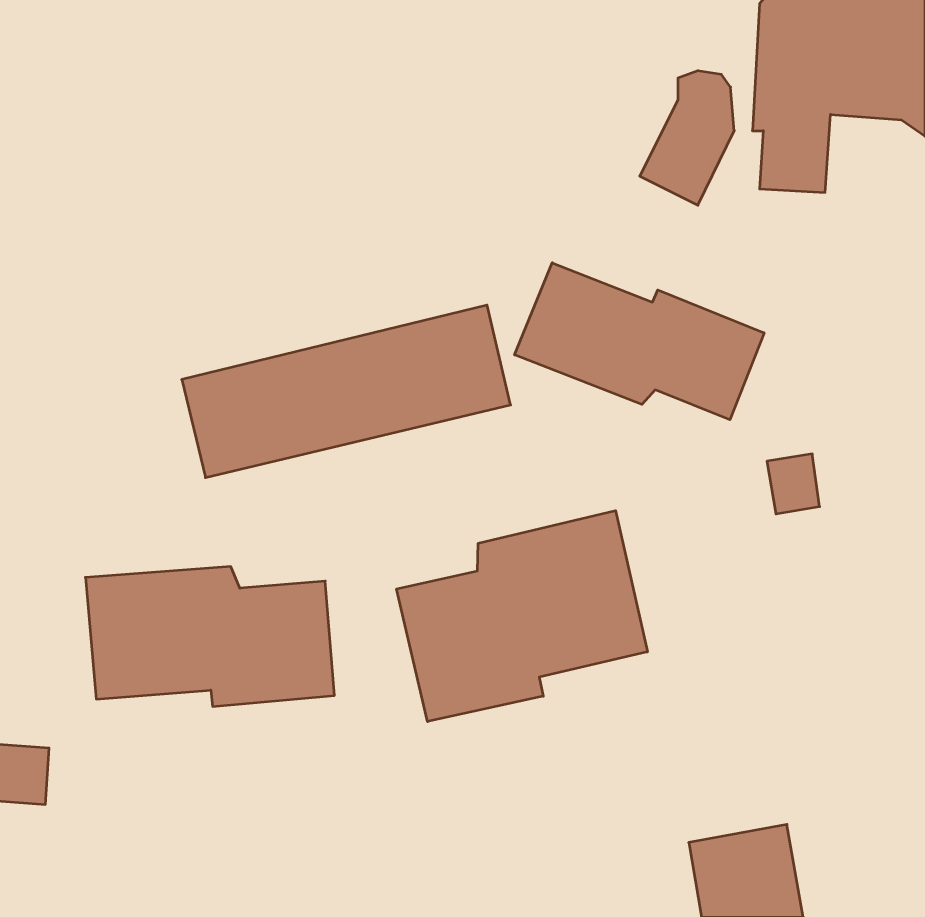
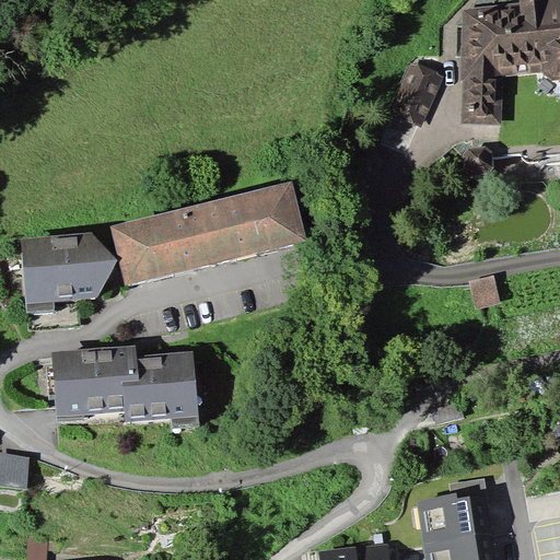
building: [515,263,764,420] -> none
building: none -> [24,230,117,303]
building: [397,511,647,722] -> none

